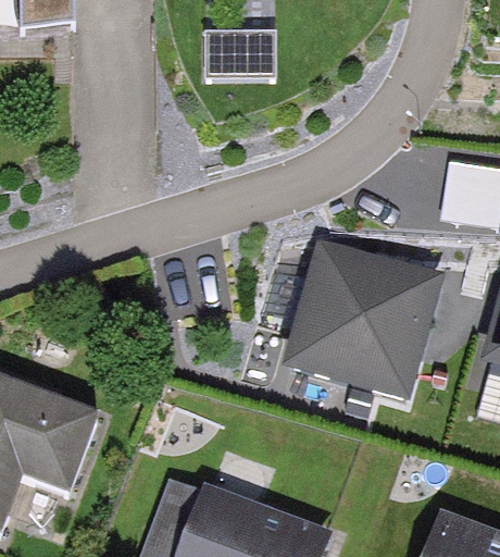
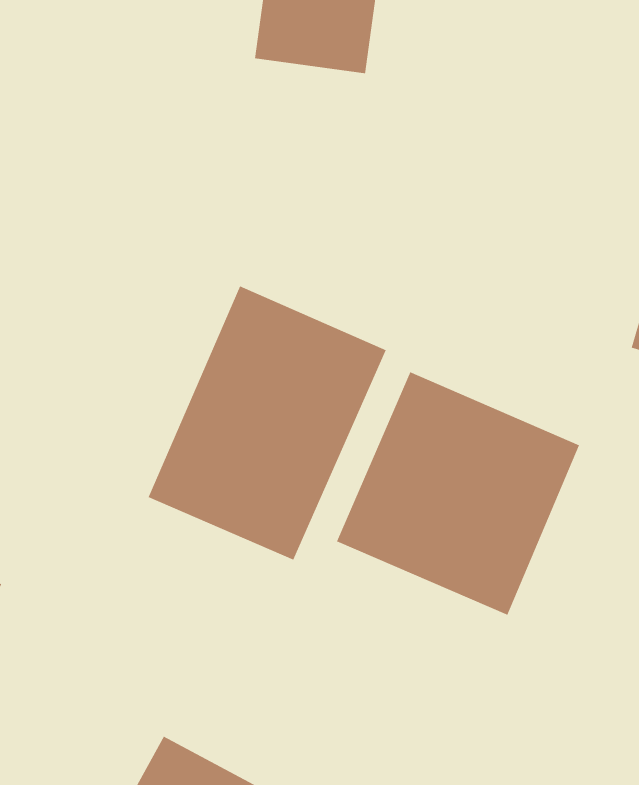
building: none -> [148,286,386,561]

